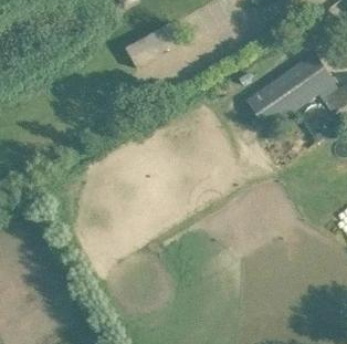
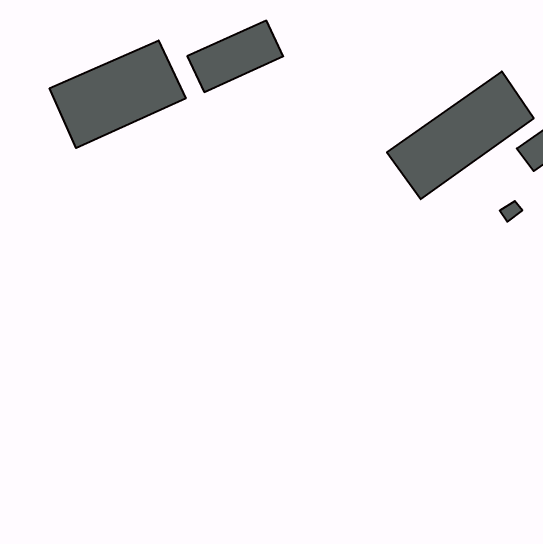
building: none -> [50,40,186,148]

